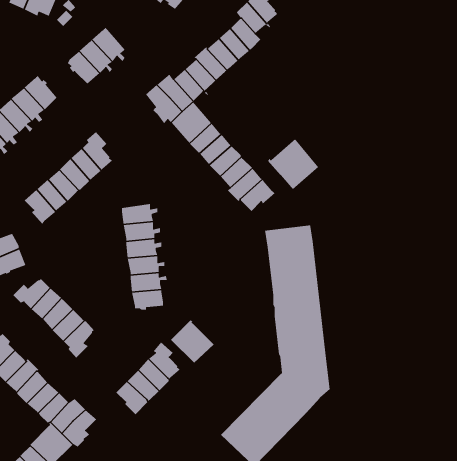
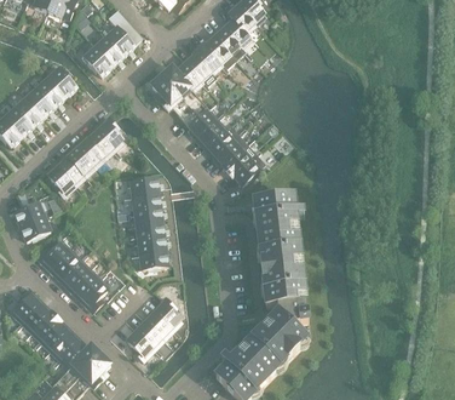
building: [267,138,319,190] -> none
building: [170,319,215,364] -> none

